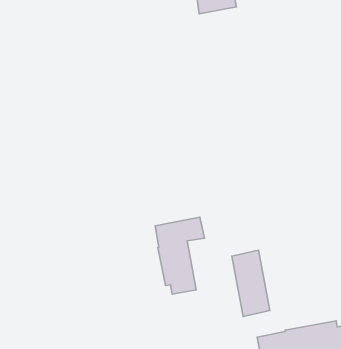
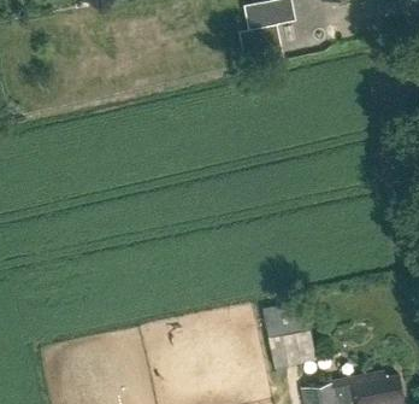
building: [155,217,204,294] -> none

